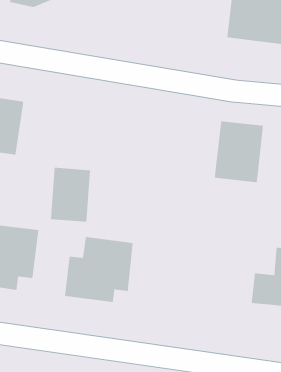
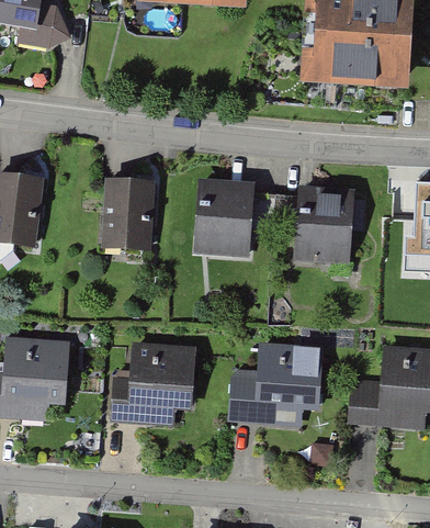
building: none -> [195,177,254,251]
building: [50,167,91,222] -> [103,178,152,247]
building: none -> [226,345,321,427]

